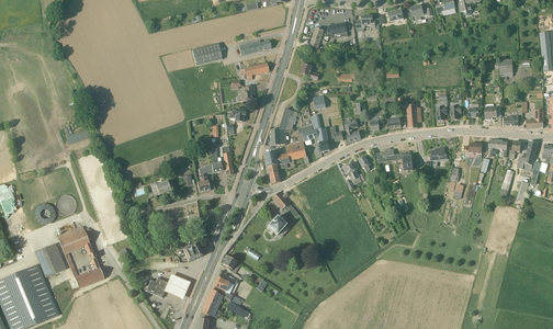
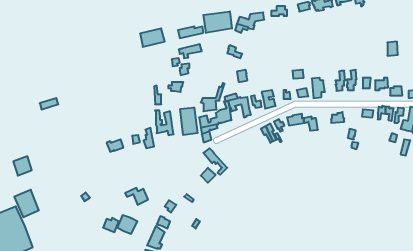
building: none -> [203,11,232,33]
building: none -> [180,107,198,135]
building: [58,226,104,288] -> none

